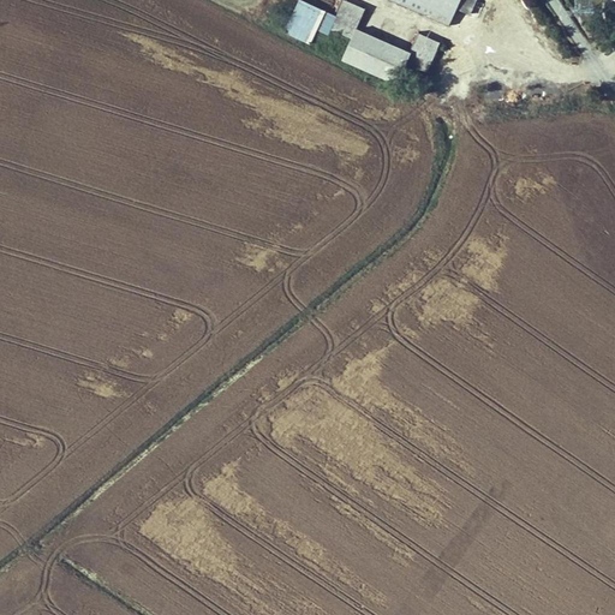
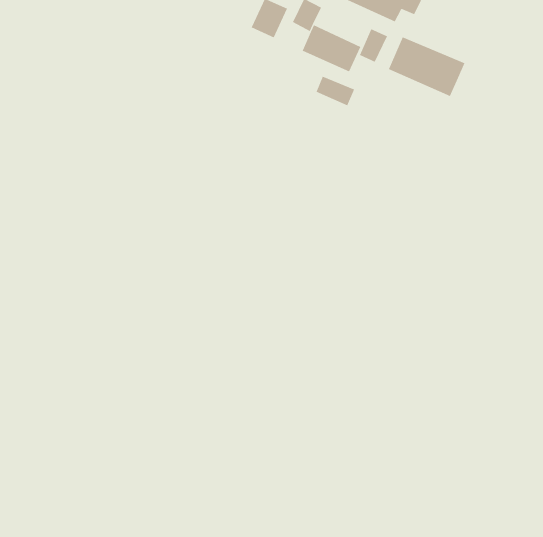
building: none -> [388,36,465,97]
building: none -> [316,76,355,106]

